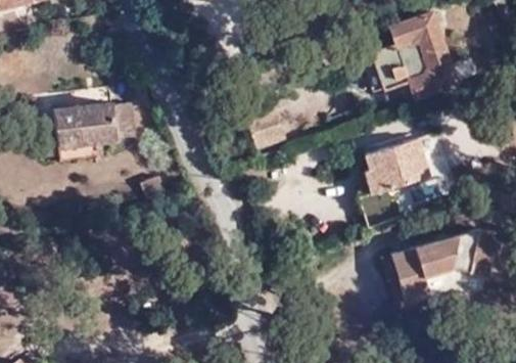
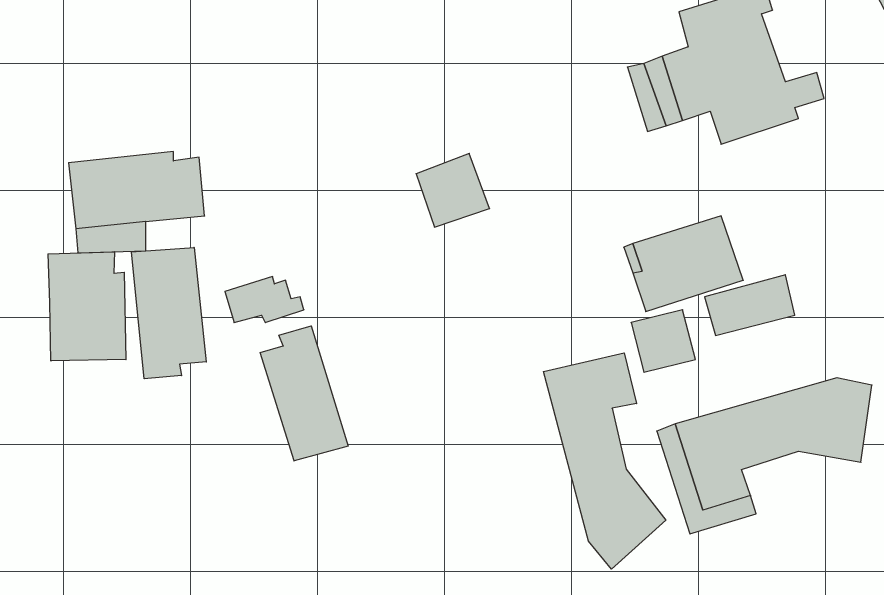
building: none -> [132,247,206,379]
building: none -> [48,252,126,361]
building: none -> [260,326,348,461]
building: none -> [543,353,666,569]

